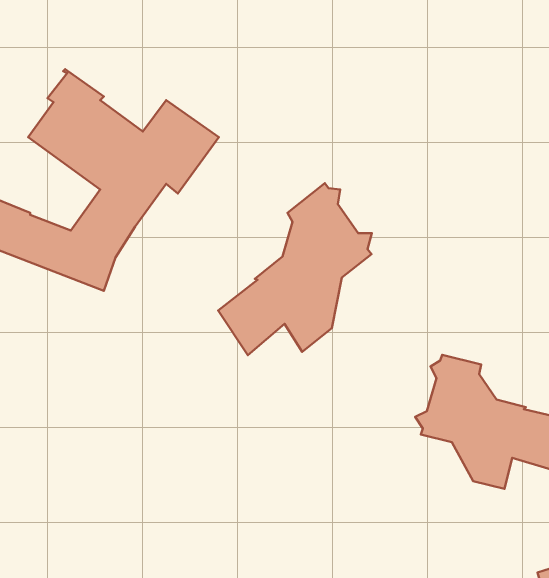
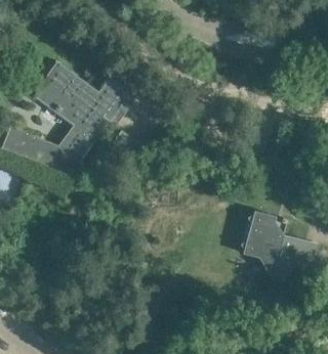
building: [218,183,372,355] -> none

